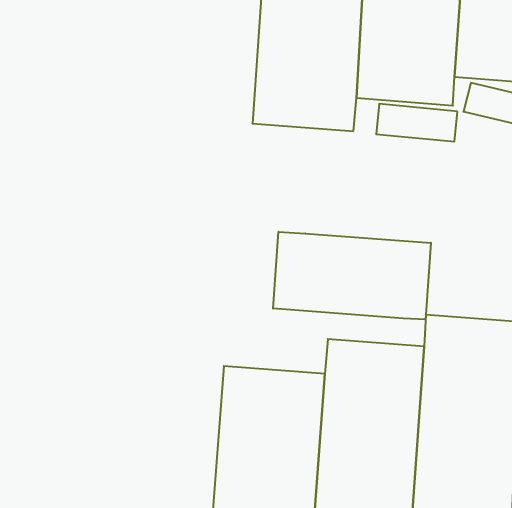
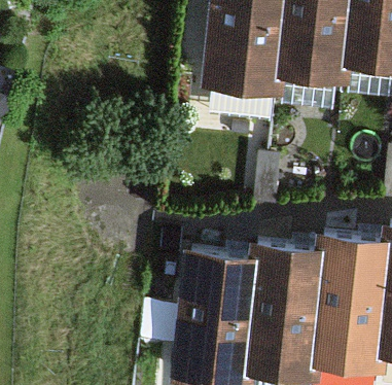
building: [273,232,431,319] -> none

